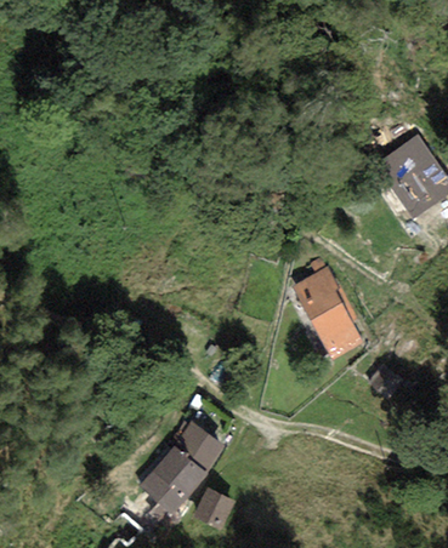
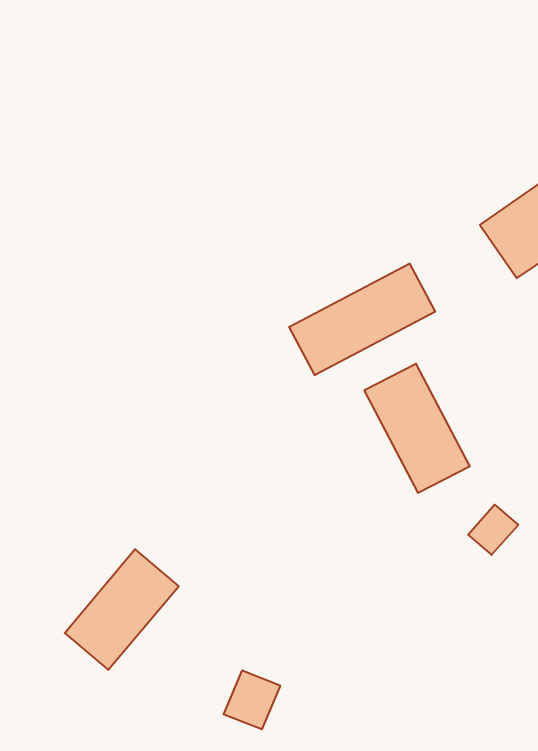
building: none -> [289,264,435,375]
building: [140,422,222,509] -> [65,549,179,670]

